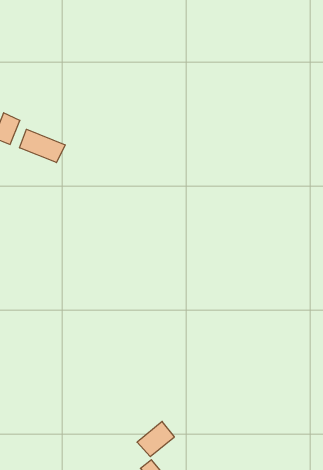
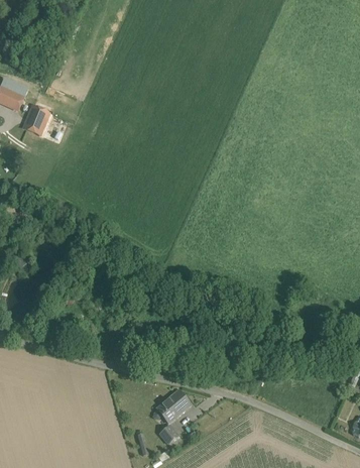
building: [20,129,65,163] -> none

